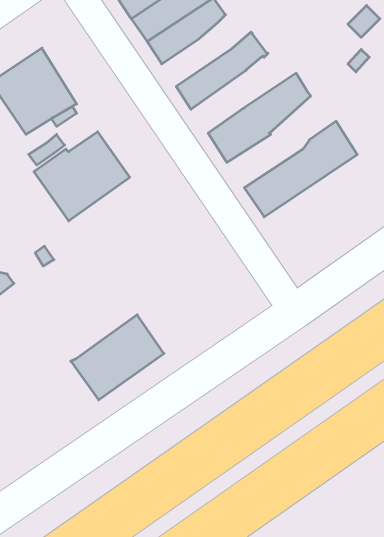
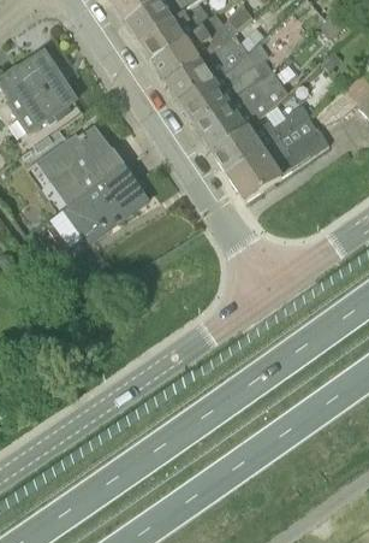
building: none -> [151,16,238,83]
building: none -> [178,58,273,125]
building: none -> [210,105,309,175]
building: [71,315,164,400] -> [63,165,147,242]

